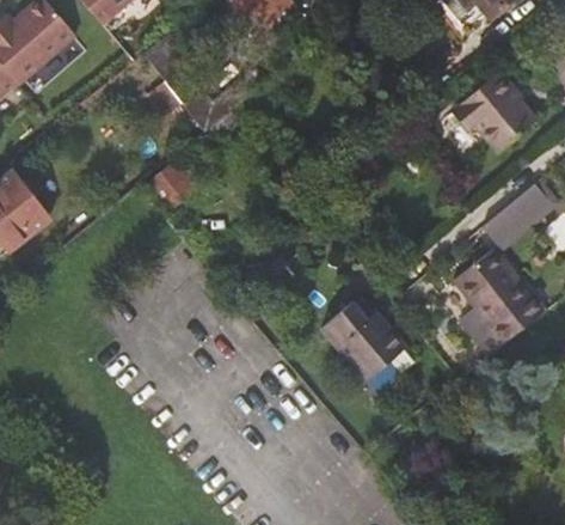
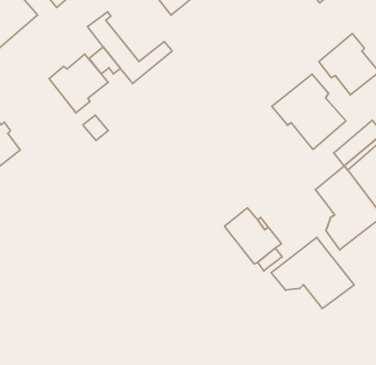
building: none -> [49,54,108,113]
building: none -> [272,74,346,149]
building: none -> [271,237,354,309]

